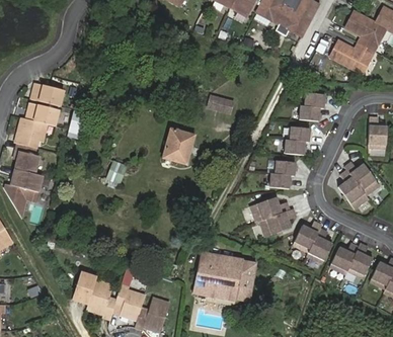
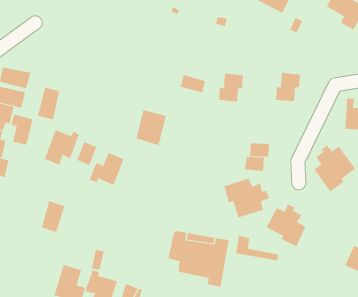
building: [336,41,379,74] -> none
building: [287,128,312,156] -> [218,73,244,102]
building: none -> [11,114,33,146]
building: none -> [44,129,80,166]
building: none -> [89,152,124,185]
building: [330,244,373,278] -> none
building: [193,275,236,301] -> [235,235,279,261]
building: [71,276,94,308] -> [41,201,65,233]

